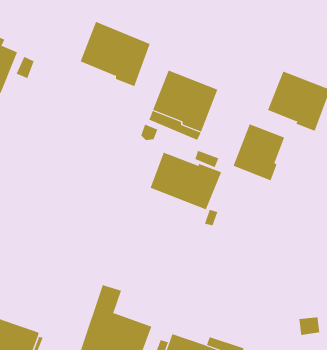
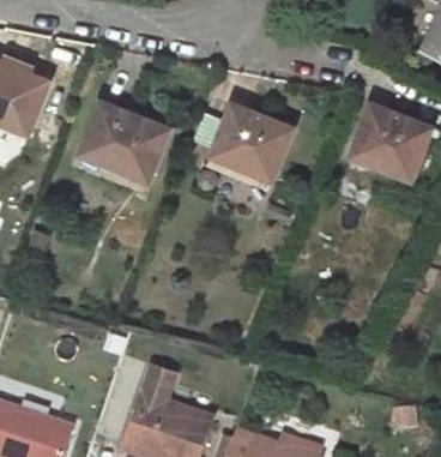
building: [80,21,151,87] -> [80,101,167,181]
building: [233,124,285,181] -> none
building: [150,152,222,210] -> none

